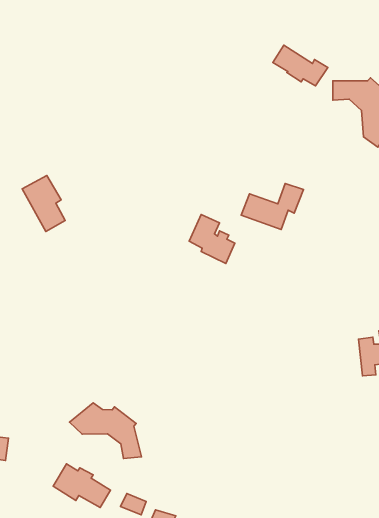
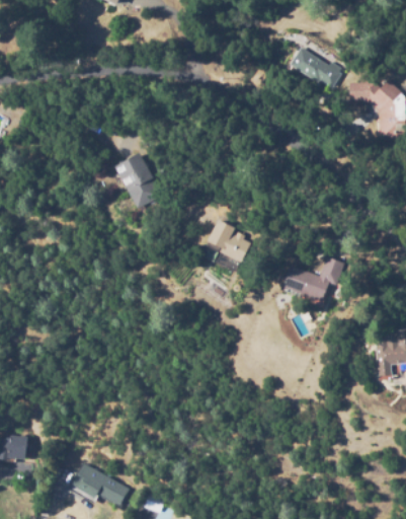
building: [22,175,65,232] -> [114,154,157,210]
building: [241,184,303,229] -> [282,256,344,302]
building: [70,403,141,458] -> none

